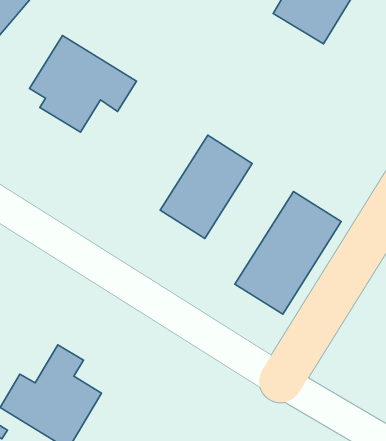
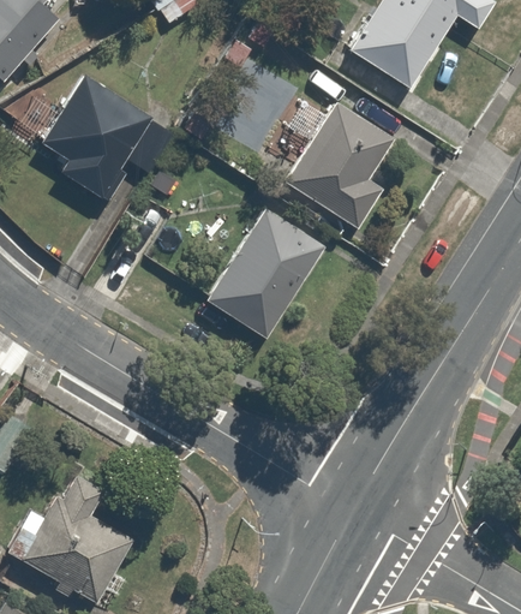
building: none -> [287,102,395,228]
building: [235,191,341,314] -> none

